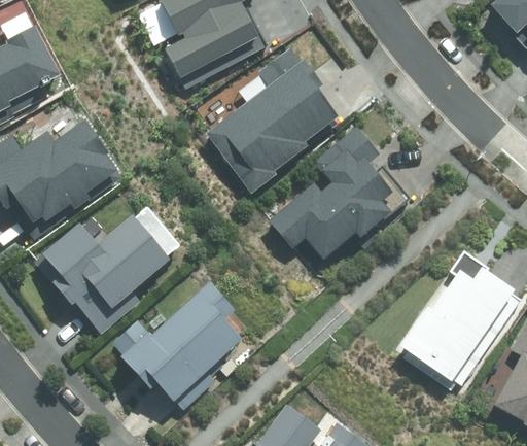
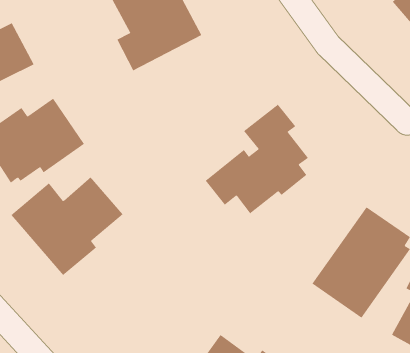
building: [205,47,345,194] -> none
building: [110,281,254,414] -> none

